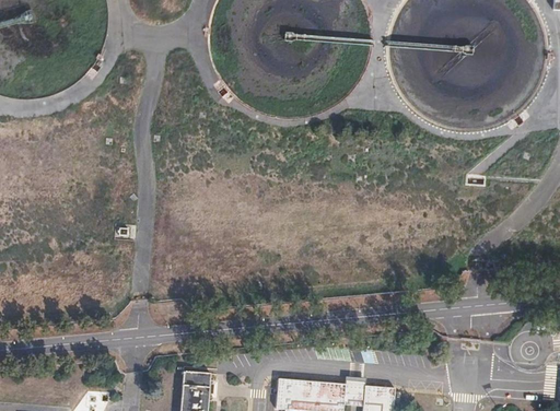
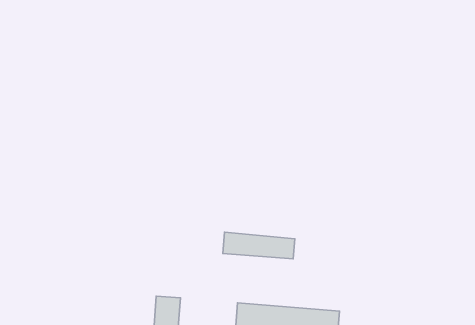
building: none -> [223,232,295,259]

